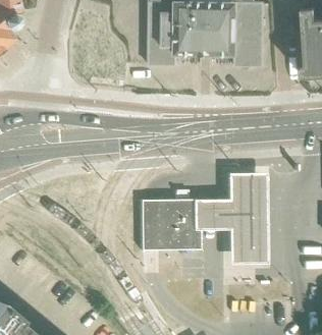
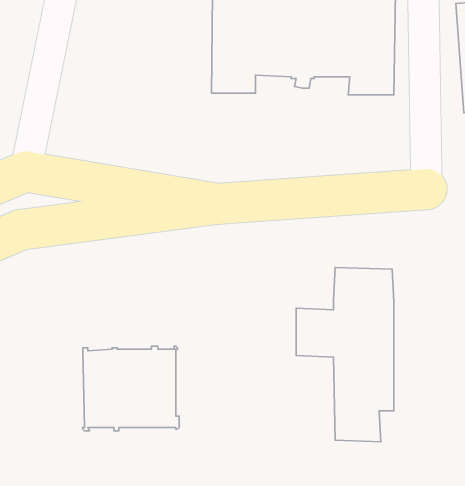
building: [141,197,201,249] -> [83,346,179,431]

